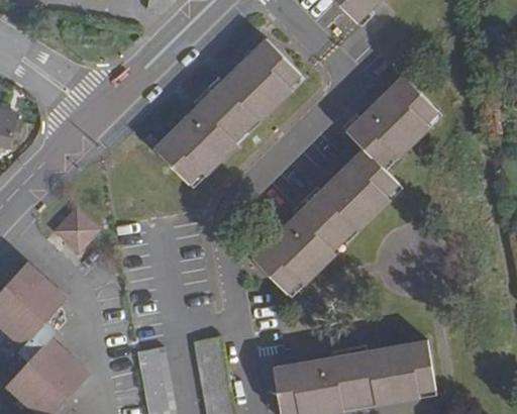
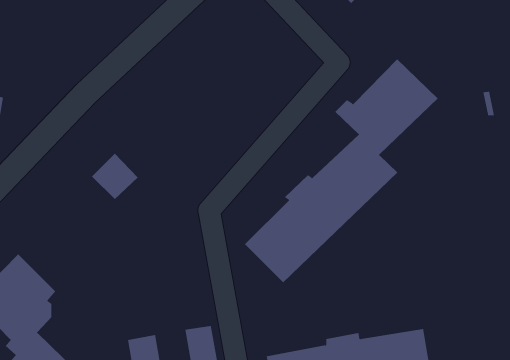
building: [154,38,304,187] -> none
building: [54,208,100,254] -> [91,153,138,200]

